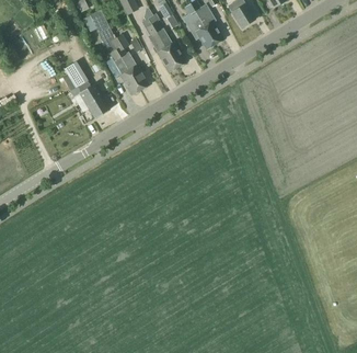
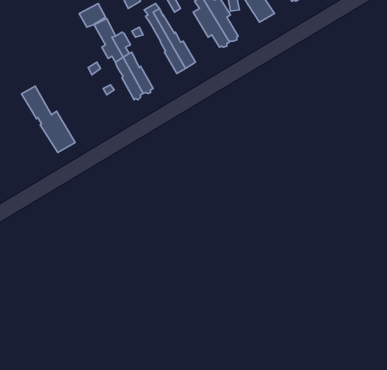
building: [62,59,110,117] -> [21,86,75,152]

